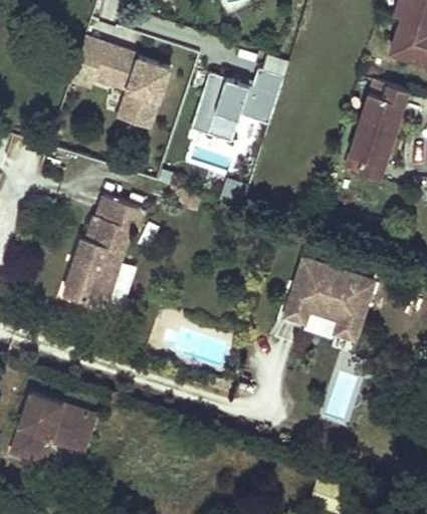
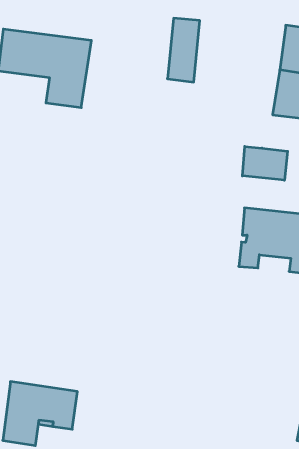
building: [192,70,249,140] -> none
building: none -> [242,146,288,180]
building: [59,199,142,312] -> none

